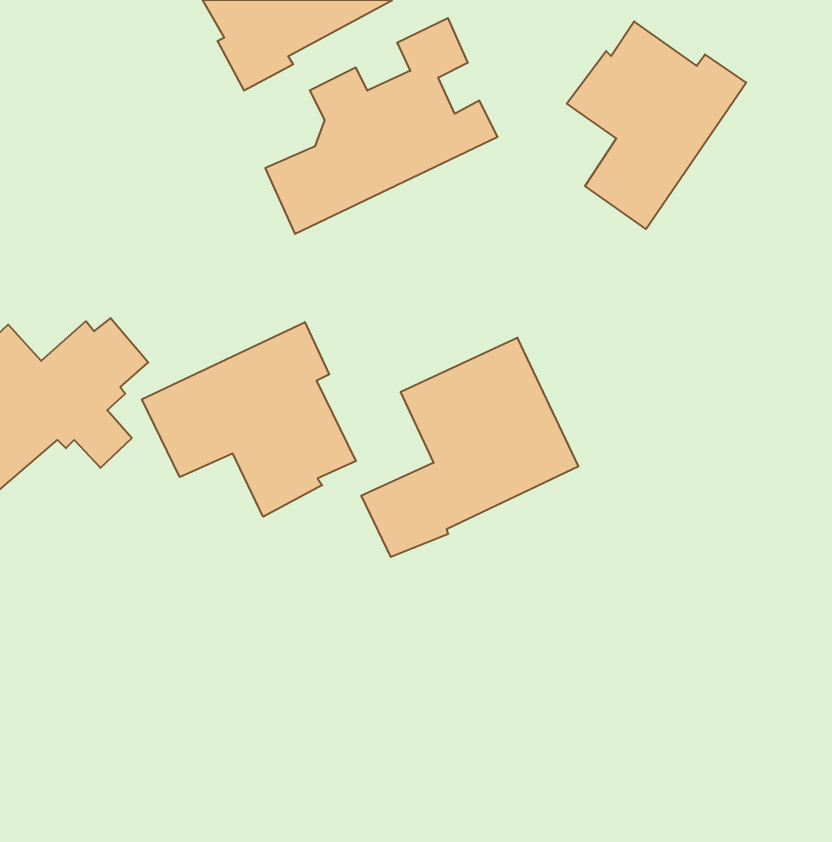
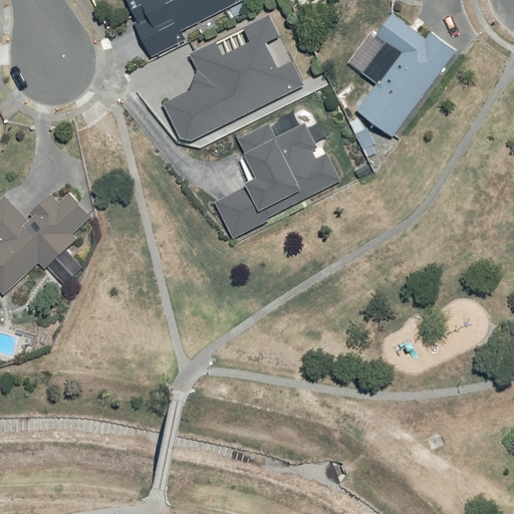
building: [142,322,356,517] -> none
building: [361,338,578,557] -> [212,102,344,236]

